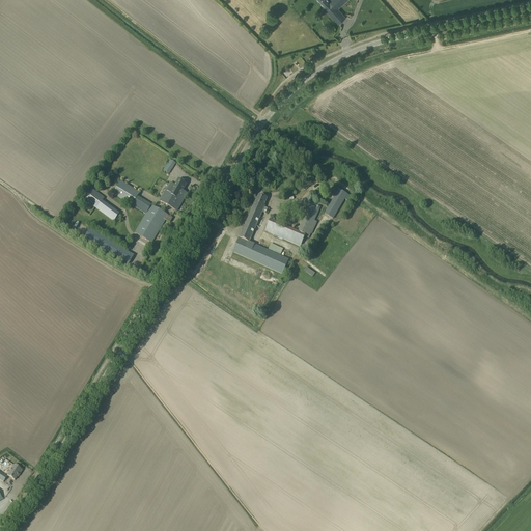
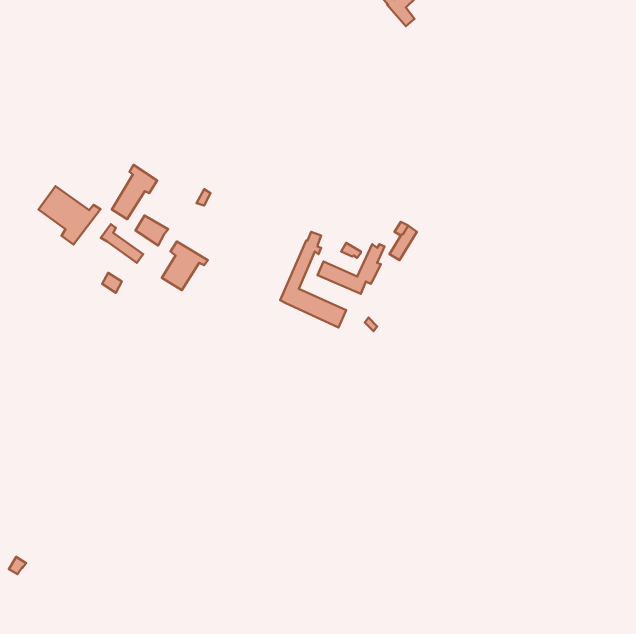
building: none -> [112,165,157,219]
building: none -> [39,186,100,245]
building: [160,177,188,209] -> none

